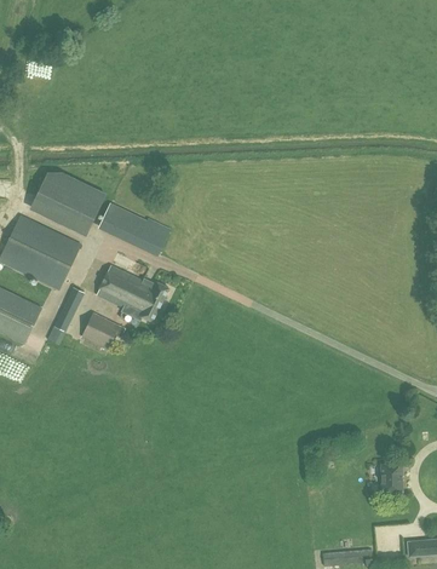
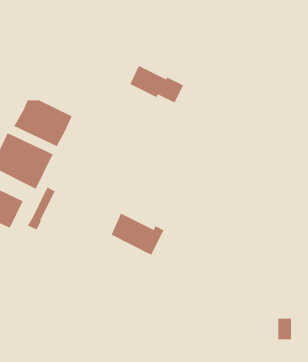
building: [97,202,169,253] -> [130,65,184,103]
building: [97,265,168,322] -> [111,213,164,256]
building: [81,312,125,350] -> none

